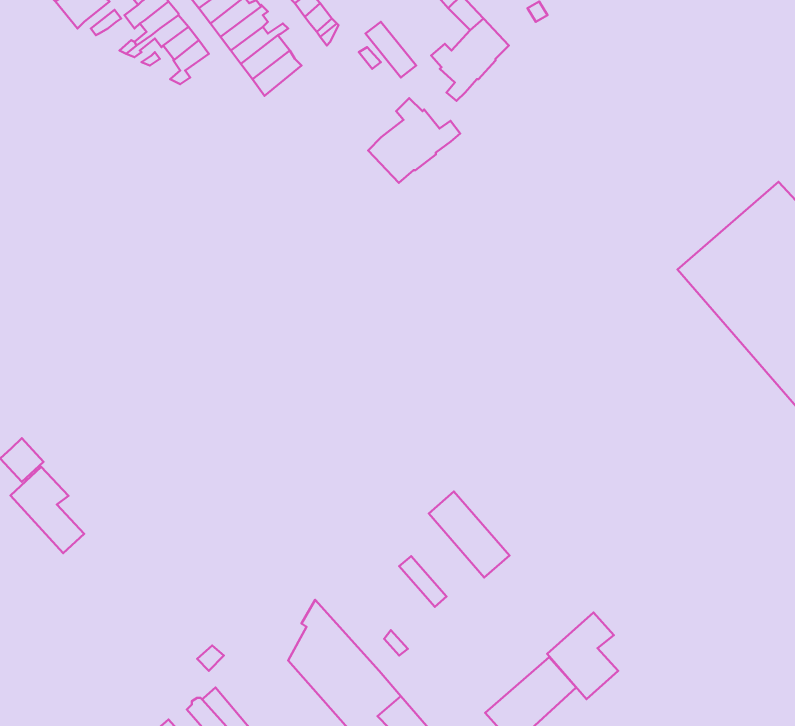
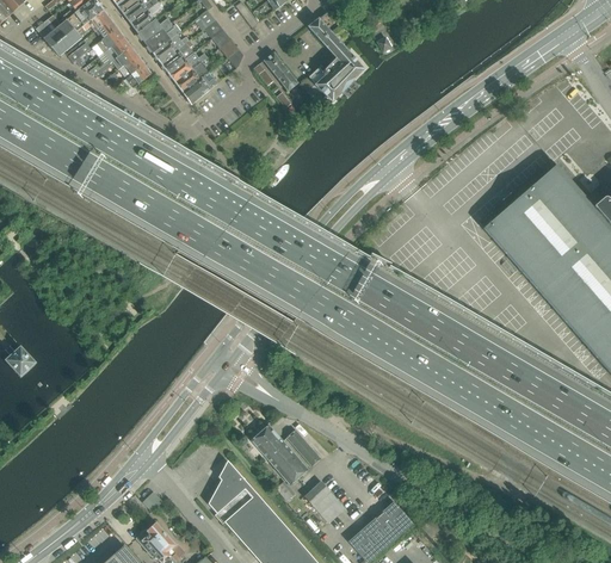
building: [368,98,460,183] -> none
building: [10,467,84,553] -> none
building: [429,491,510,577] -> [251,423,308,484]
building: [547,612,618,699] -> none
building: none -> [304,481,345,521]

